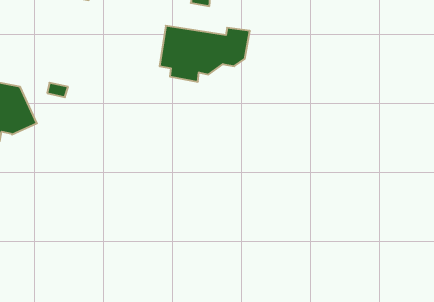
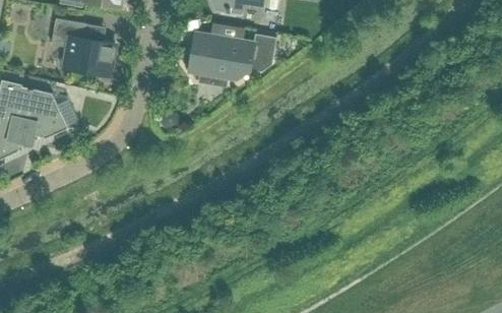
building: none -> [51,18,114,75]

